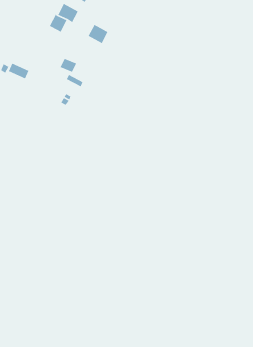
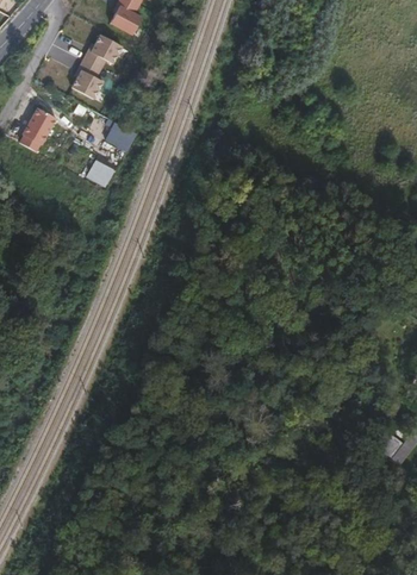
building: [88,24,109,44] -> [71,67,102,96]

